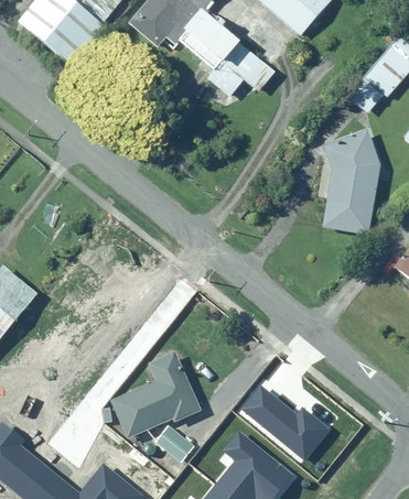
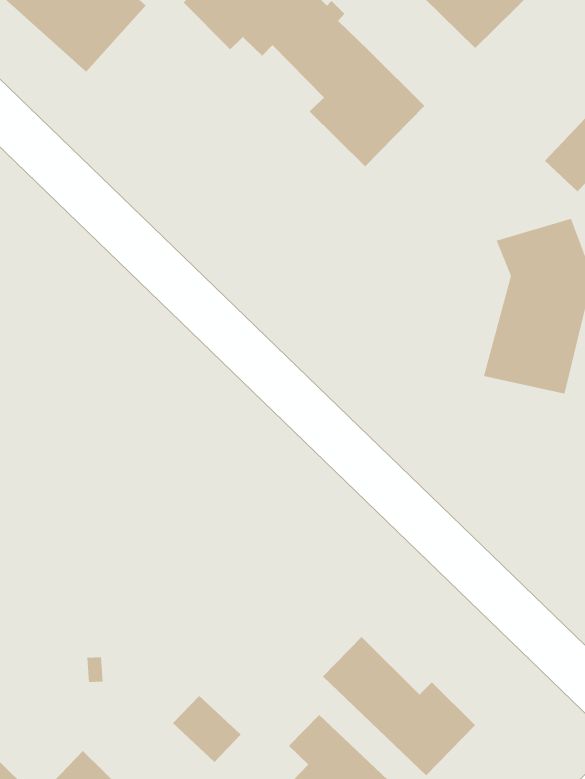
building: [111,350,202,437] -> none

